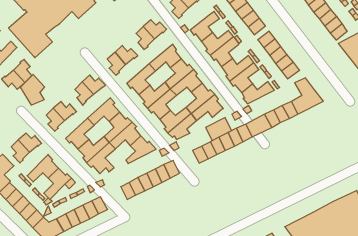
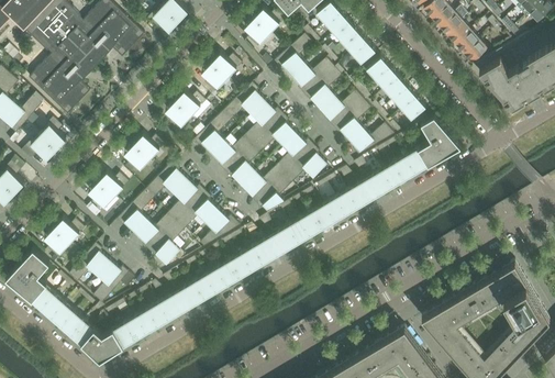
building: [21,74,45,105] -> none
building: [206,118,231,140] -> [264,226,299,258]
building: none -> [169,282,206,314]

